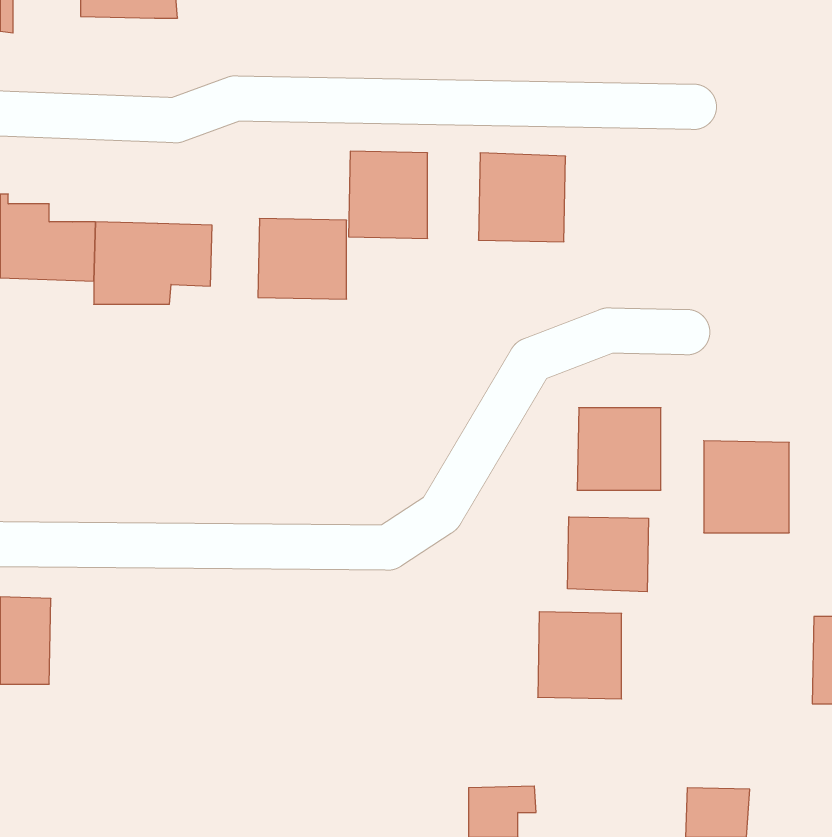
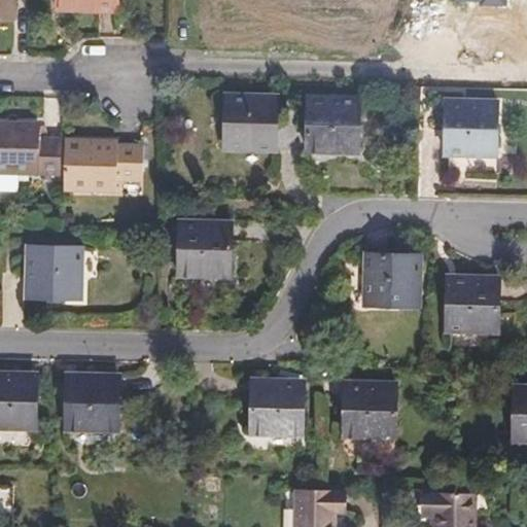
building: none -> [443,104,497,157]
building: [258,219,347,299] -> [175,233,231,283]
building: none -> [26,247,82,301]
building: [568,517,648,592] -> none
building: none -> [65,375,117,429]
building: none -> [253,381,303,434]

